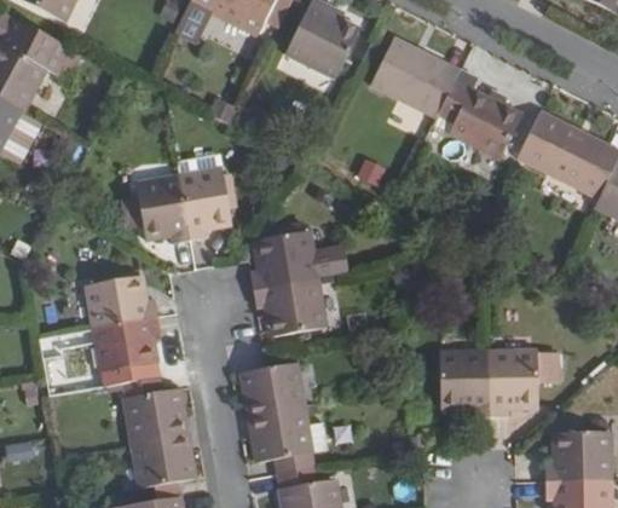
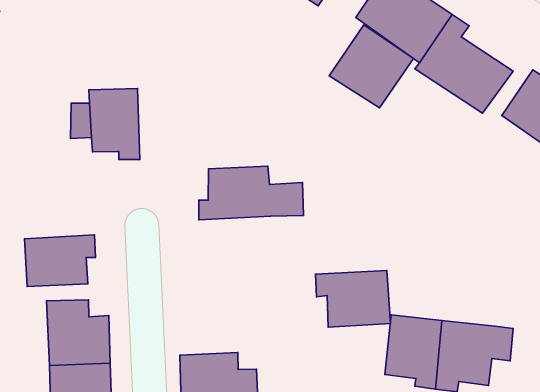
building: none -> [329,25,413,108]
building: [175,151,231,241] -> none
building: [86,275,157,328] -> none
building: [252,277,327,336] -> [315,271,390,327]
building: [243,364,304,416] -> none

